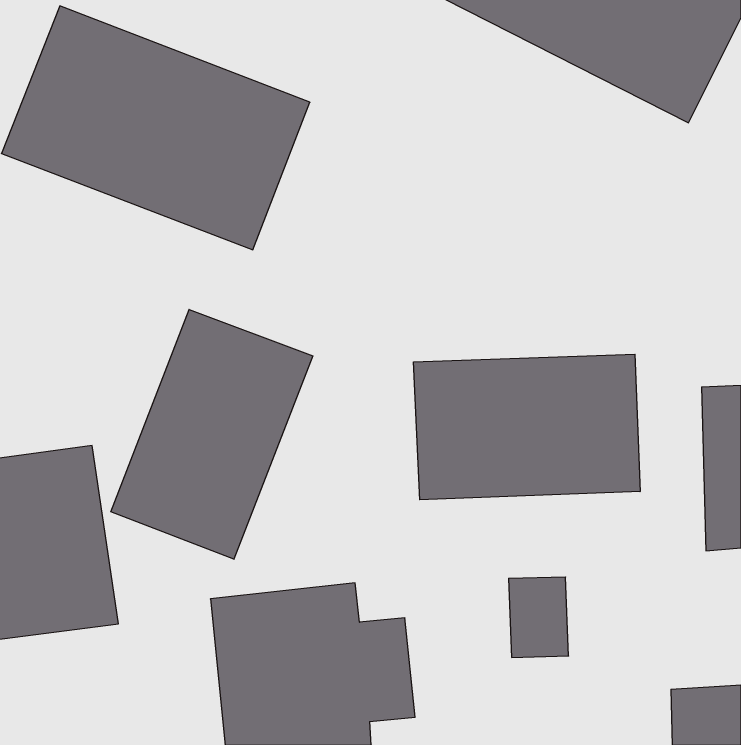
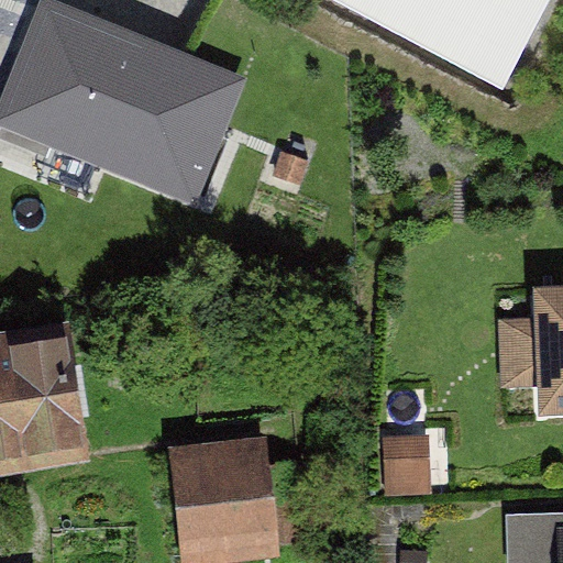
building: [111,309,313,559] -> none
building: [414,354,640,500] -> none

